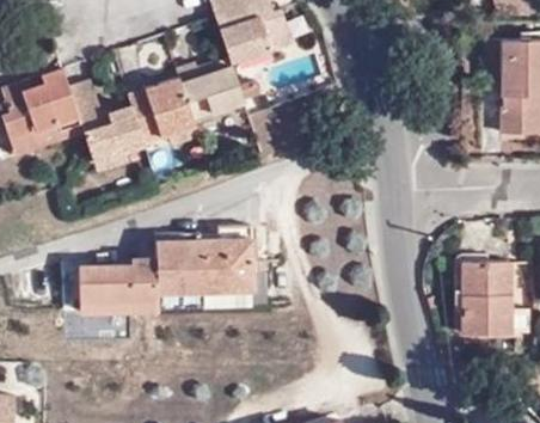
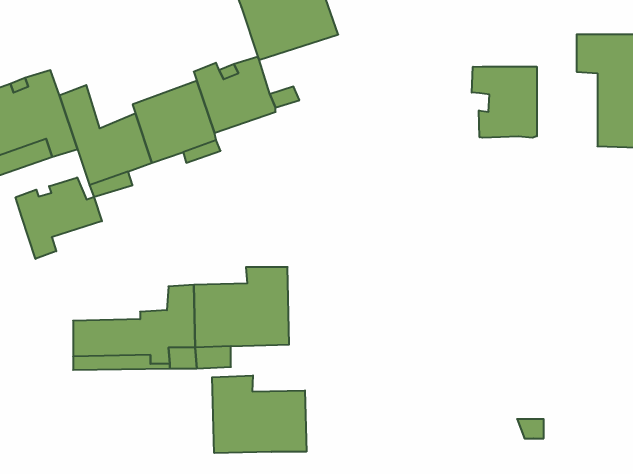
building: none -> [472,67,537,138]
building: none -> [16,177,102,259]
building: [460,263,510,335] -> none
building: none -> [212,375,306,453]

